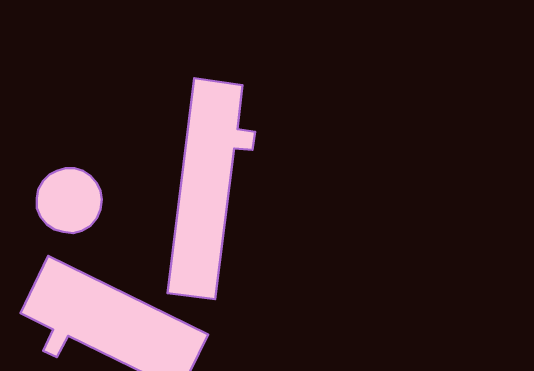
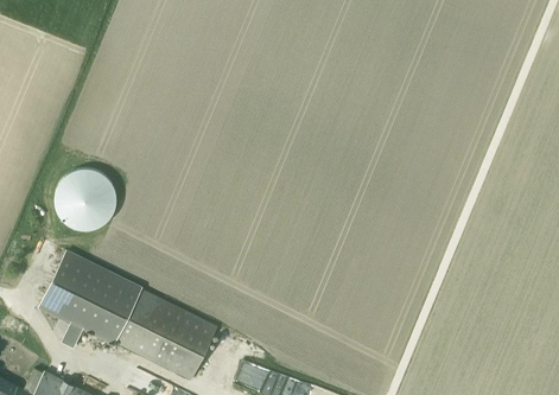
building: [167,78,255,299] -> none

